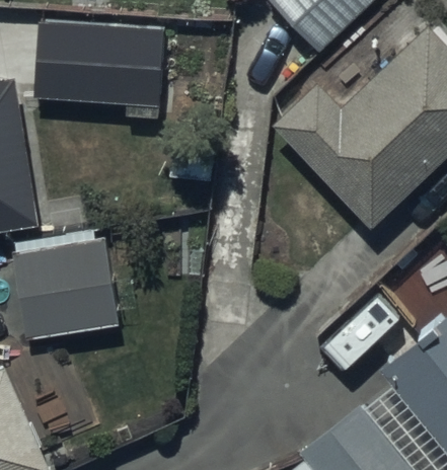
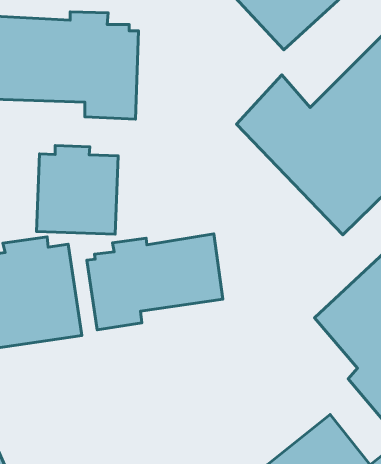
building: none -> [37,146,118,234]
building: none -> [87,234,223,330]

